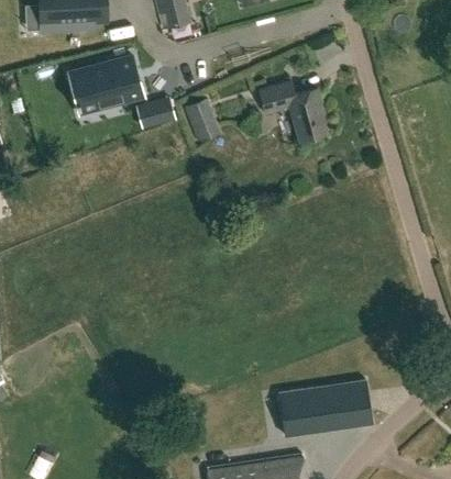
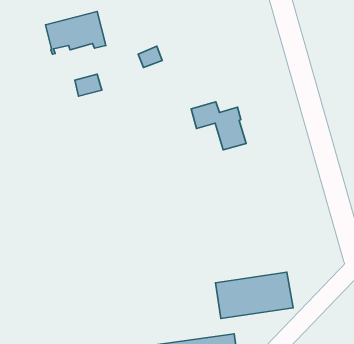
building: [260,82,328,142] -> [191,102,246,150]
building: [138,100,171,127] -> [75,74,102,96]

